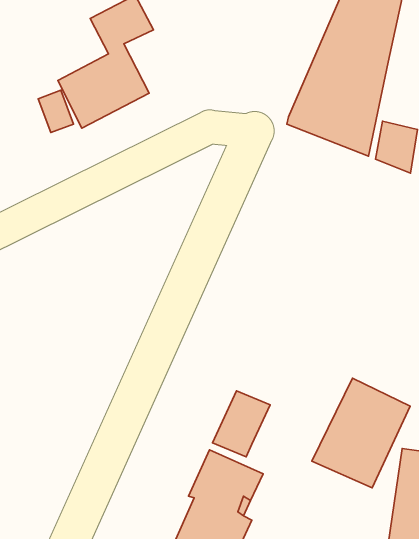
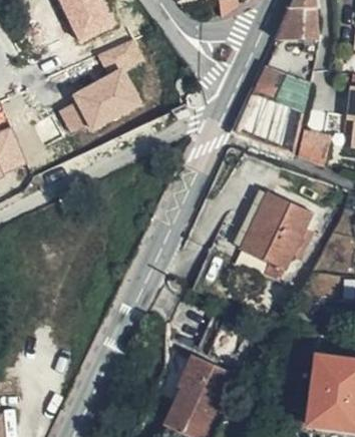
building: [312,378,410,488] -> [238,198,308,277]

